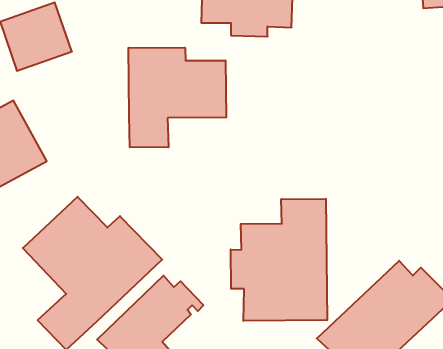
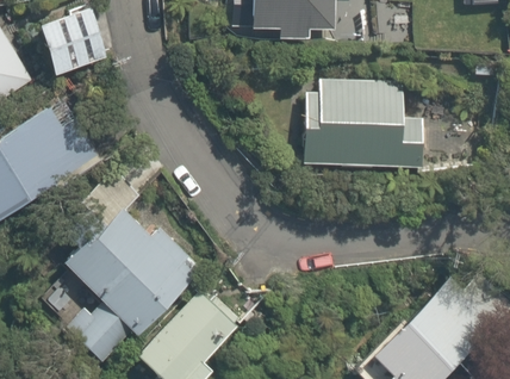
building: [129,48,226,147] -> none
building: none -> [300,77,428,168]
building: [231,199,327,321] -> none

